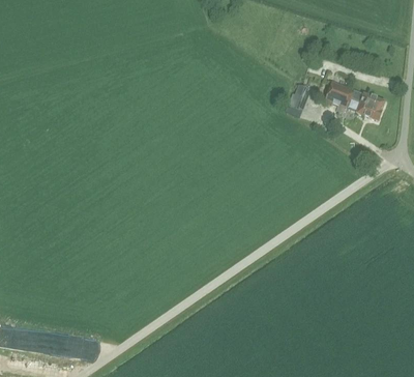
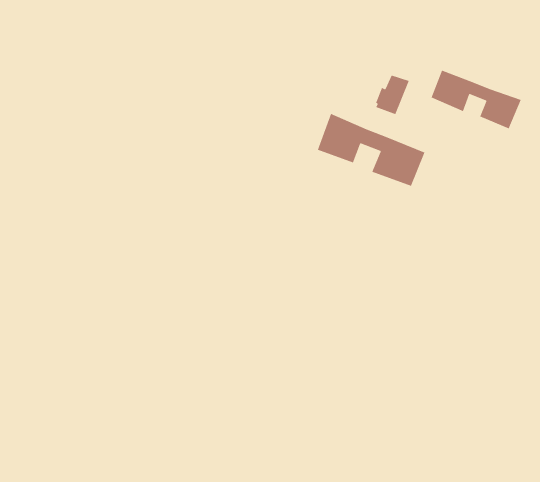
building: none -> [317,113,426,187]

